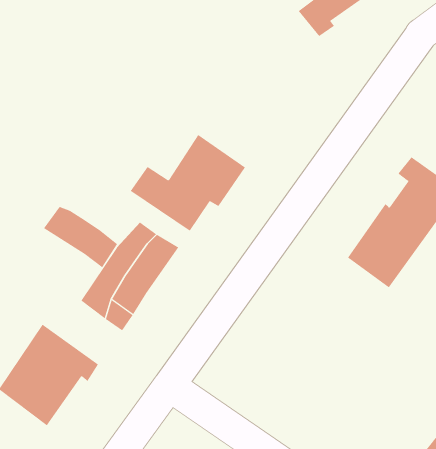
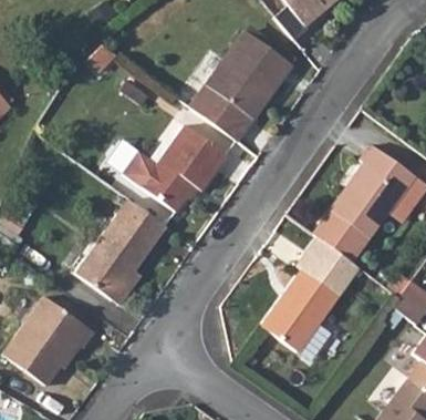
building: none -> [189,29,290,143]
building: [43,206,118,268] -> none
building: none -> [268,246,343,358]

